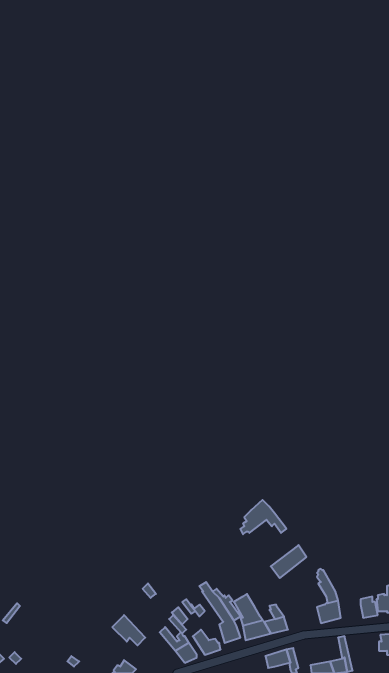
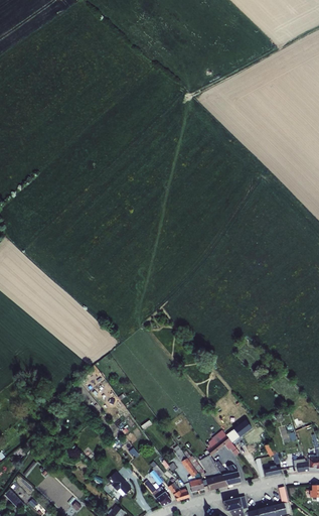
building: [240,500,286,534] -> [204,430,240,457]

